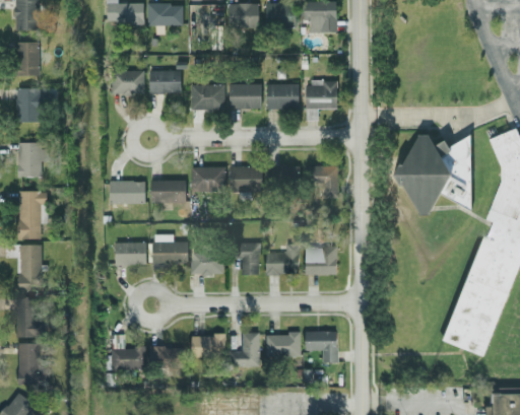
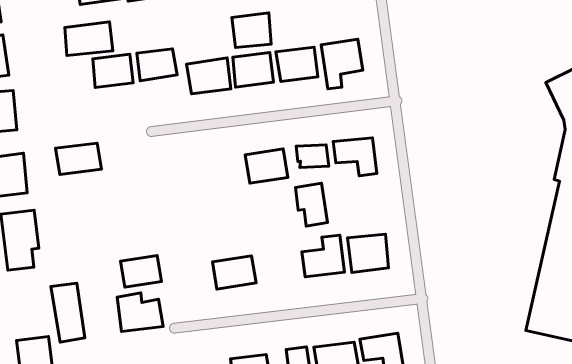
building: none -> [65,22,113,56]
building: none -> [232,13,271,48]
building: [392,134,469,214] -> none
building: [190,166,224,191] -> none
building: [149,180,185,201] -> none
building: [108,181,144,203] -> [55,143,102,174]
building: [151,233,187,264] -> [117,293,163,332]
building: [237,241,260,276] -> [295,183,328,226]
building: [17,245,41,292] -> [51,283,85,342]

